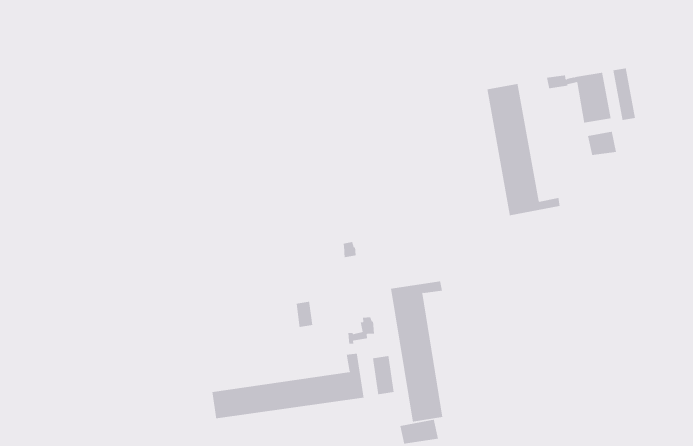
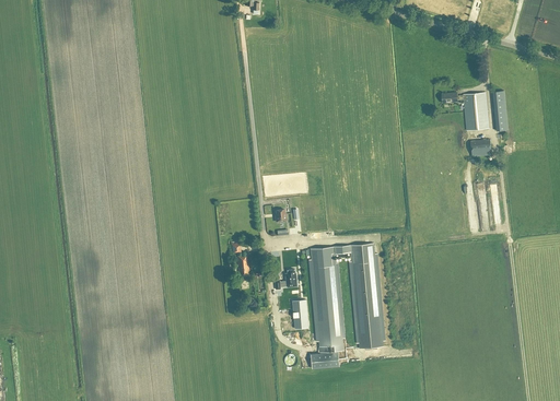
building: [487,83,560,216] -> none
building: none -> [349,243,382,347]
building: [212,353,364,419] -> none

